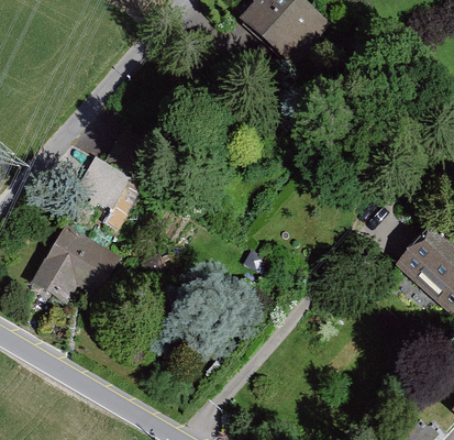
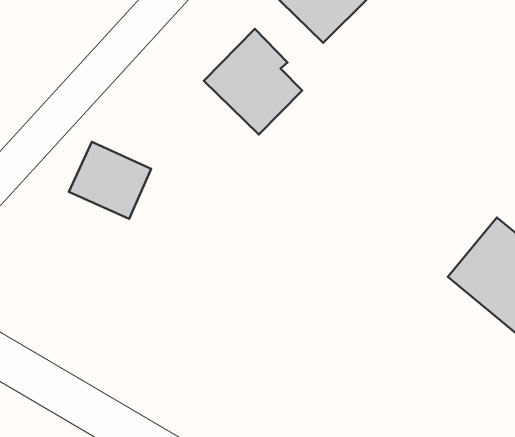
building: none -> [204,29,302,134]
building: [27,221,125,306] -> none

